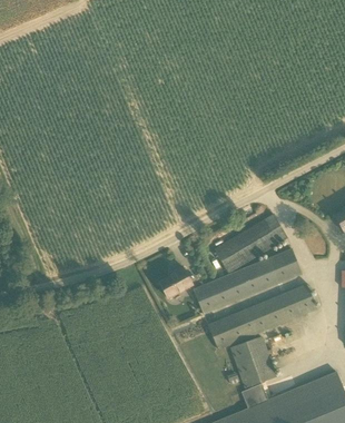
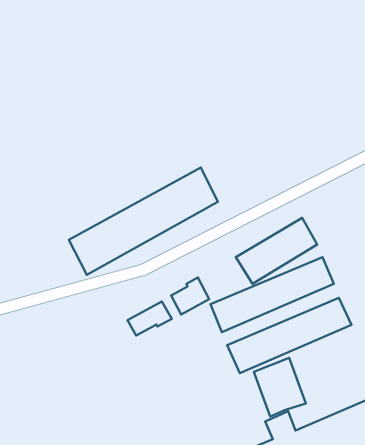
building: none -> [69,168,218,275]
building: none -> [127,301,172,336]

